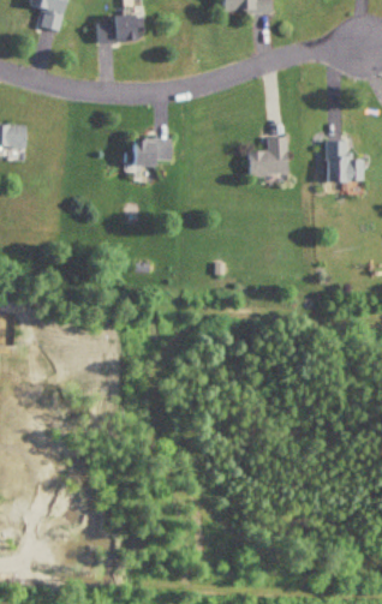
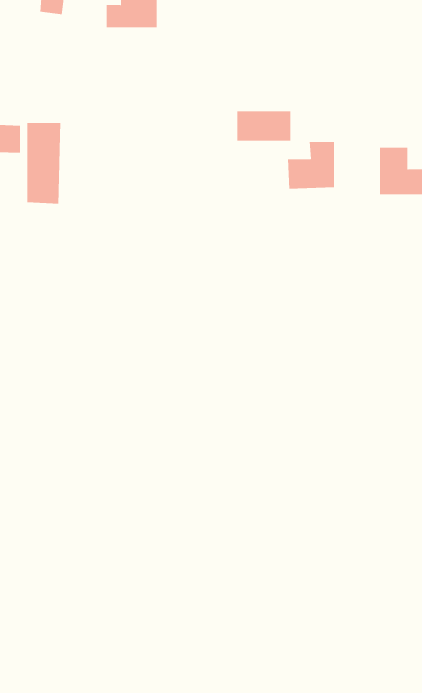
building: none -> [27,122,61,204]
building: [127,137,173,162] -> [237,111,291,141]

